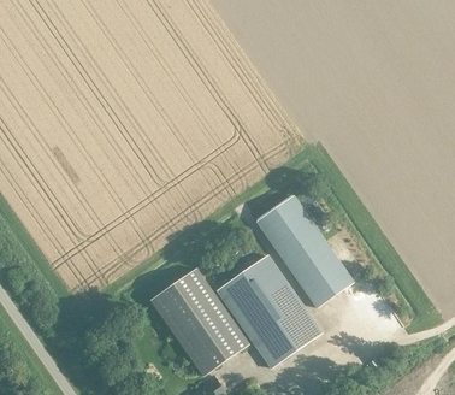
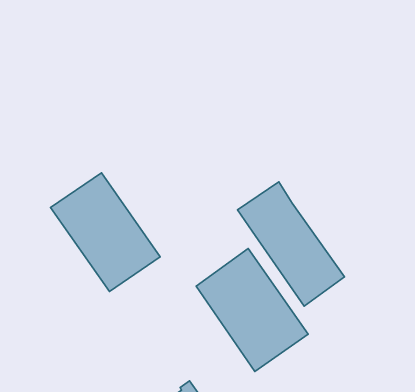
building: [150,267,249,375] -> [51,173,160,292]

